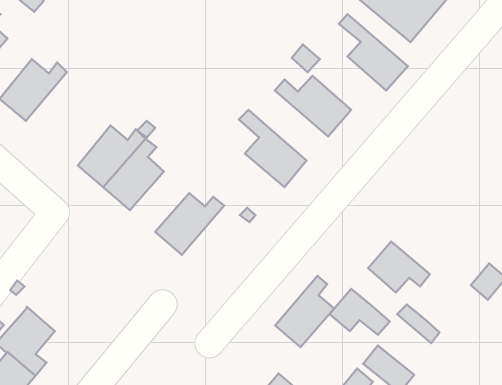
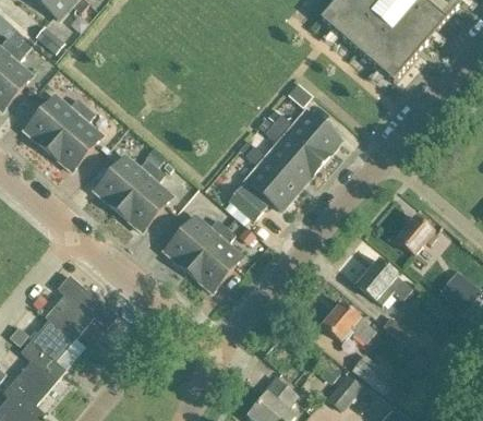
building: [339,14,408,90] -> [257,118,319,187]
building: none -> [47,107,100,171]
building: none -> [228,183,267,221]
building: none -> [395,216,436,255]
building: none -> [45,274,117,340]
building: [275,276,334,347] -> [188,227,241,291]

